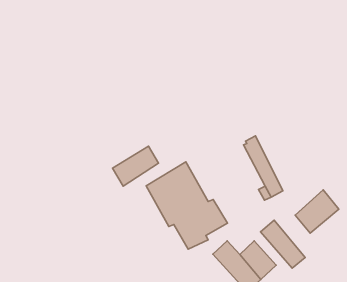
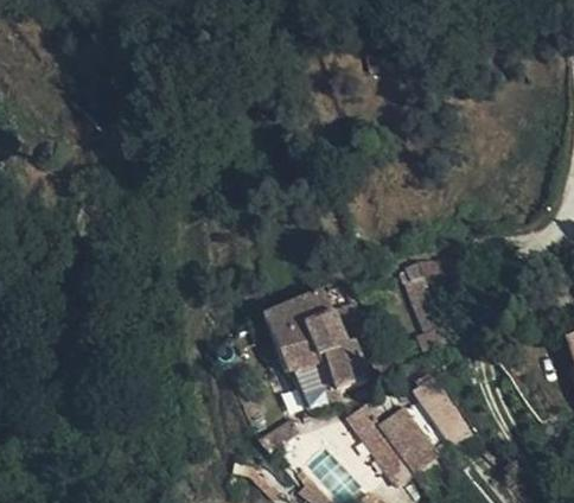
building: [113,146,159,186] -> none
building: [295,190,339,233] -> none

